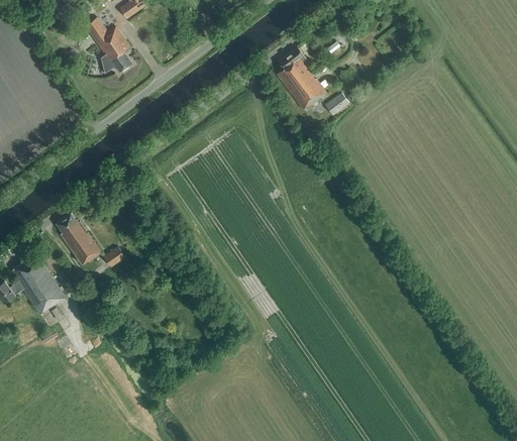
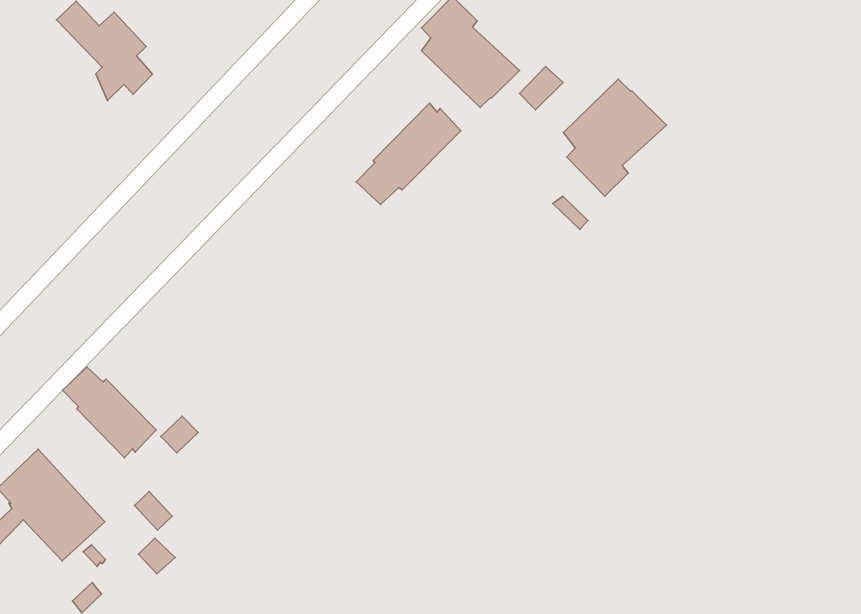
building: none -> [356,103,461,205]
building: none -> [563,79,666,196]

